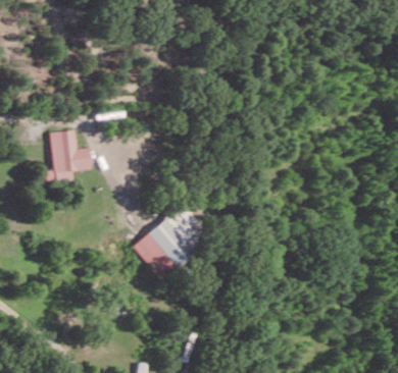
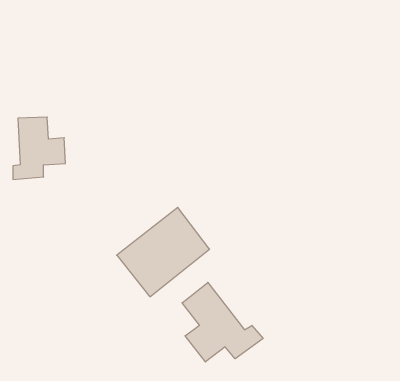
building: none -> [182,282,263,362]

